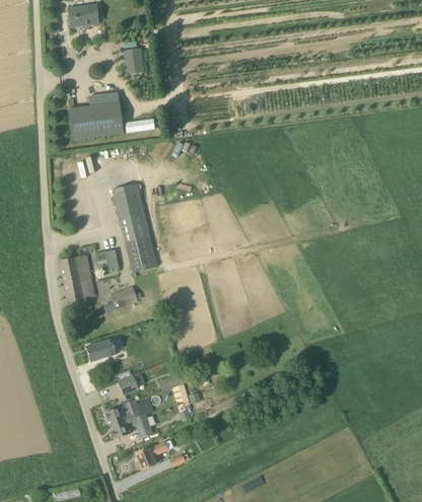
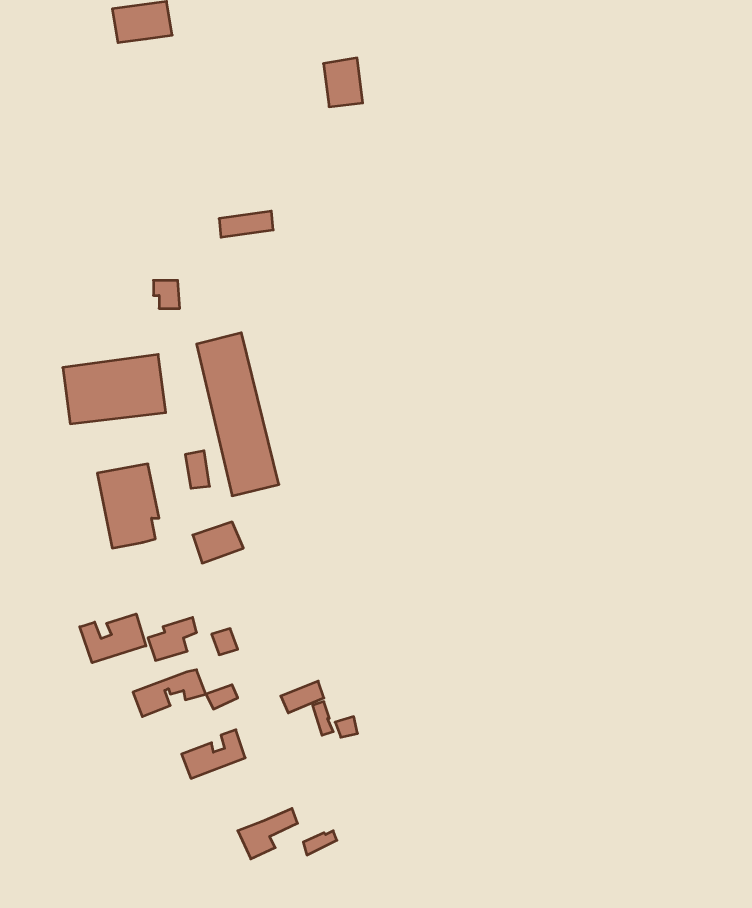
building: [123,47,144,73] -> [323,58,363,107]
building: [68,101,124,139] -> [63,354,166,424]
building: none -> [80,614,146,663]
building: [110,413,149,438] -> [133,670,206,717]

